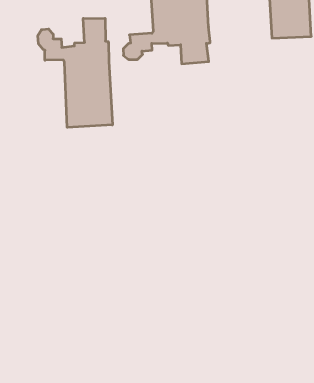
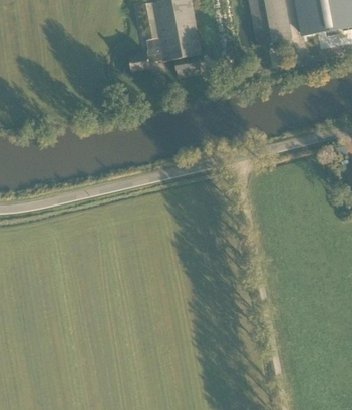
building: [38,18,112,127] -> none

